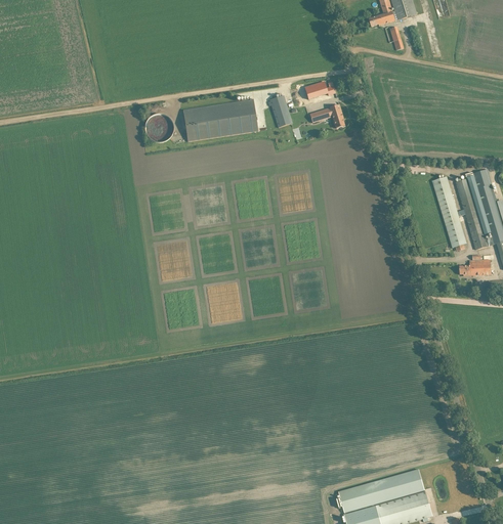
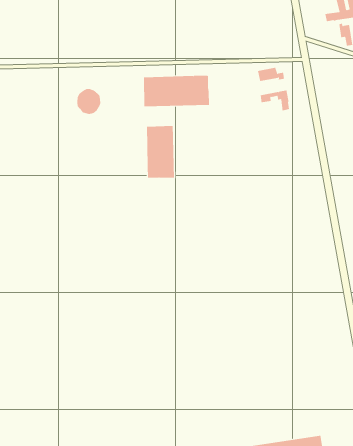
building: [268,95,292,128] -> none
building: [144,115,171,142] -> [76,88,101,114]
building: none -> [147,125,175,178]

